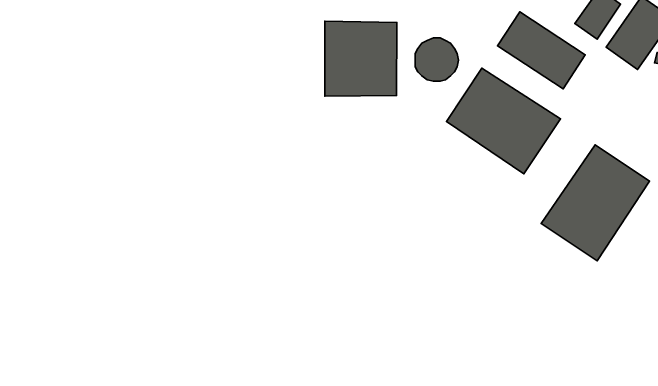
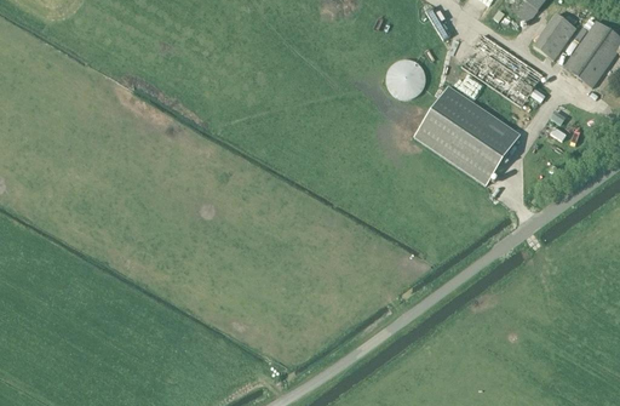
building: [325,21,397,96] -> none
building: [541,145,649,261] -> none

